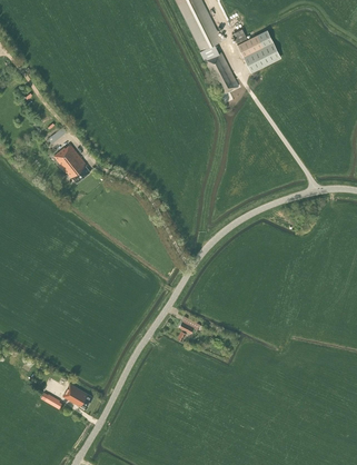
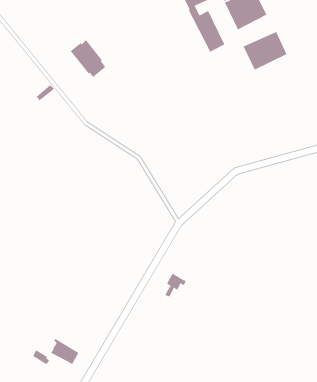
building: none -> [243,31,287,70]
building: [53,142,90,181] -> [70,39,106,78]

